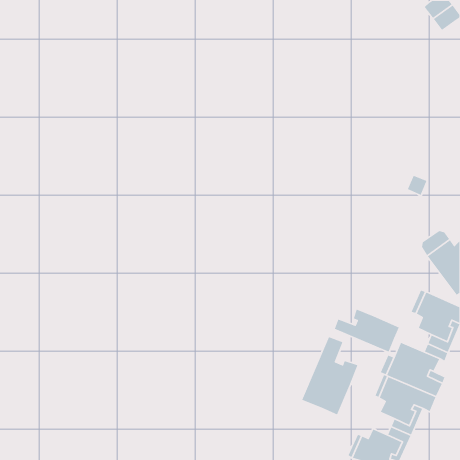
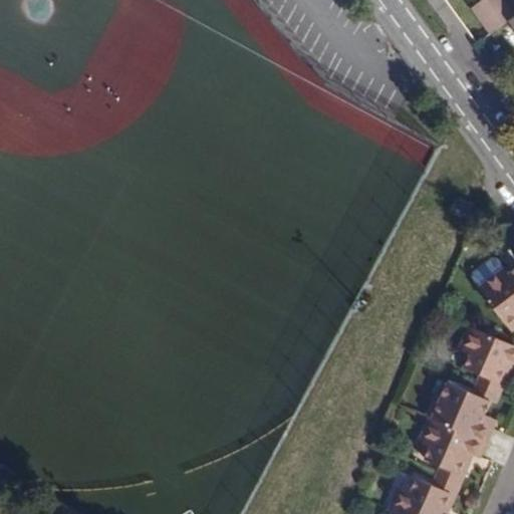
building: [334,309,400,353] -> none
building: [301,336,359,415] -> none

